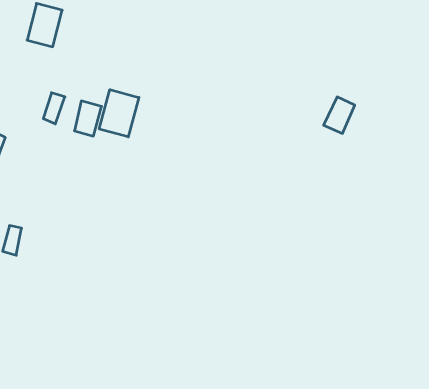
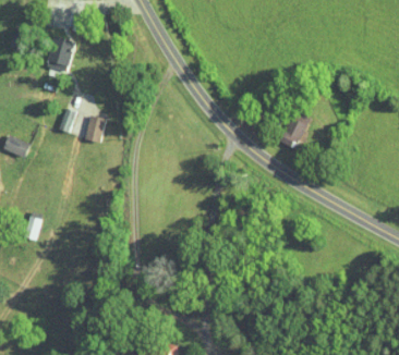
building: [99,90,139,137] -> none

